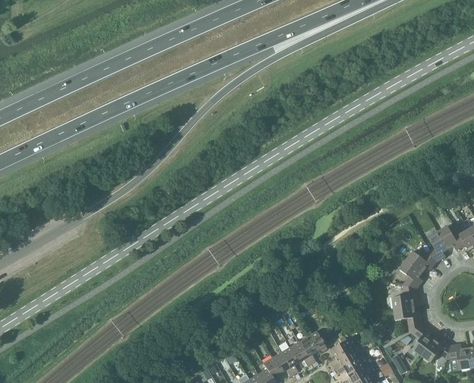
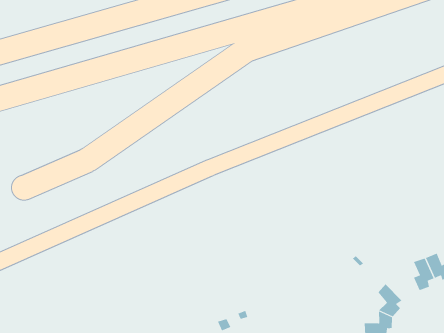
building: [405,252,436,274] -> none

